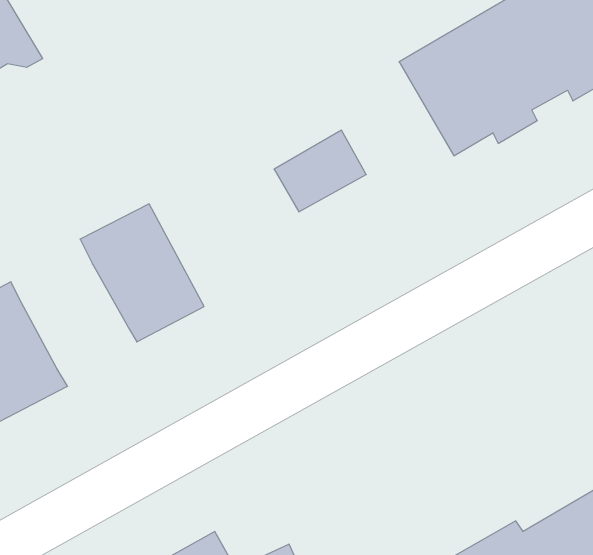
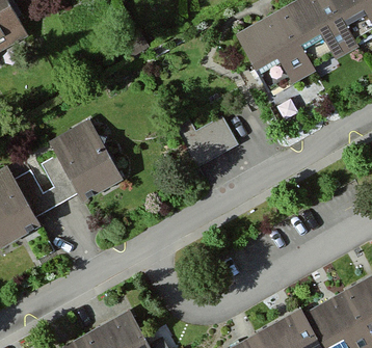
building: [274,130,366,212] -> [182,118,236,166]
building: none -> [14,156,77,217]

